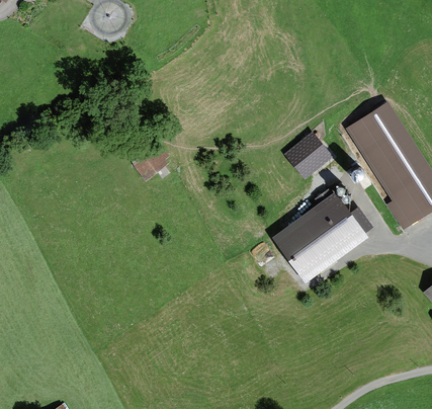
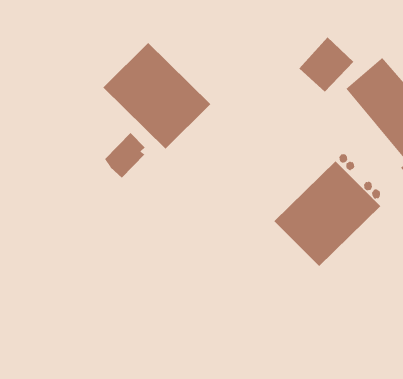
building: none -> [102,42,211,149]
building: [283,131,333,179] -> [299,37,354,92]

